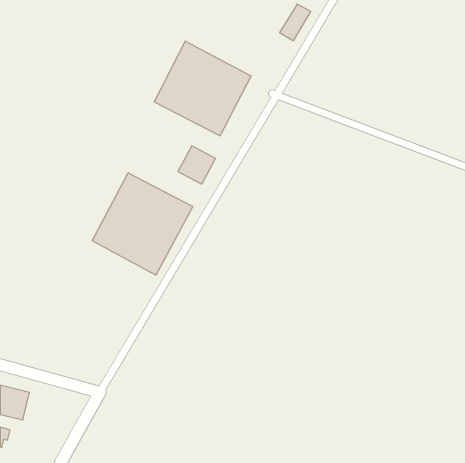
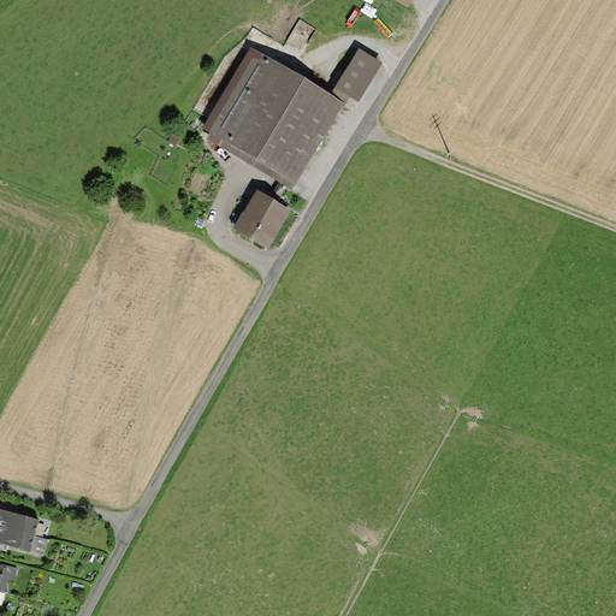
building: [280,4,311,41] -> [336,51,377,99]
building: [92,173,193,275] -> none

